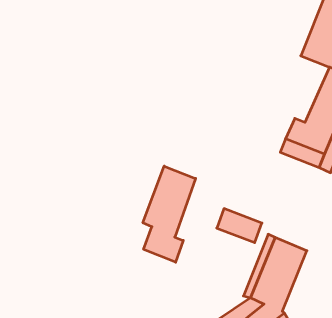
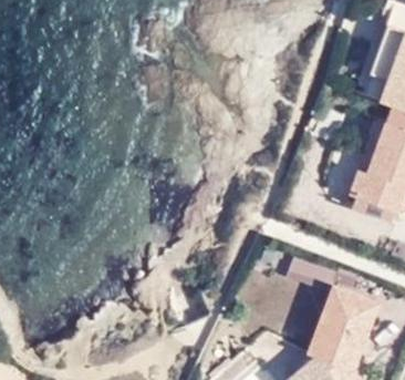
building: [143,166,196,262] -> none

